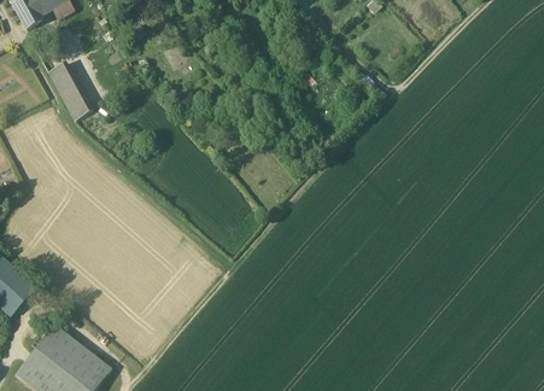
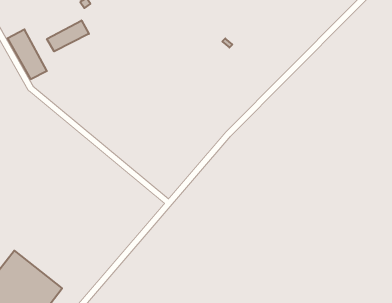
building: none -> [47,20,89,51]

